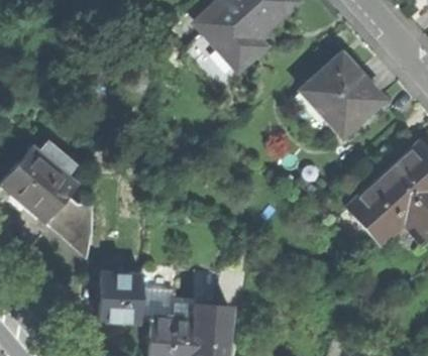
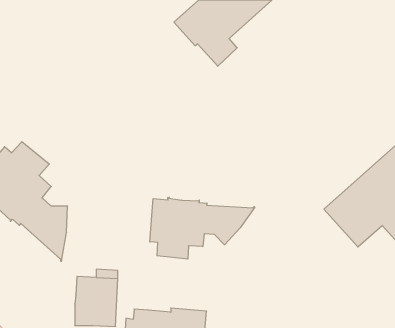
building: [301,52,384,135] -> none
building: none -> [150,197,255,259]

